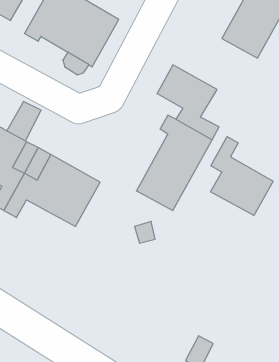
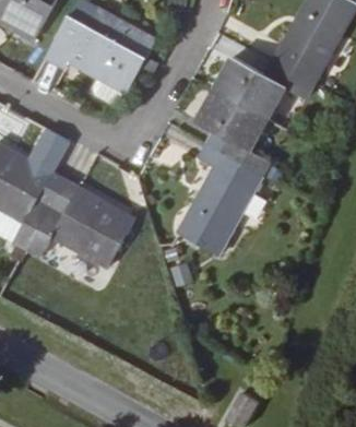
building: none -> [215,58,309,116]
building: [211,137,273,216] -> none

